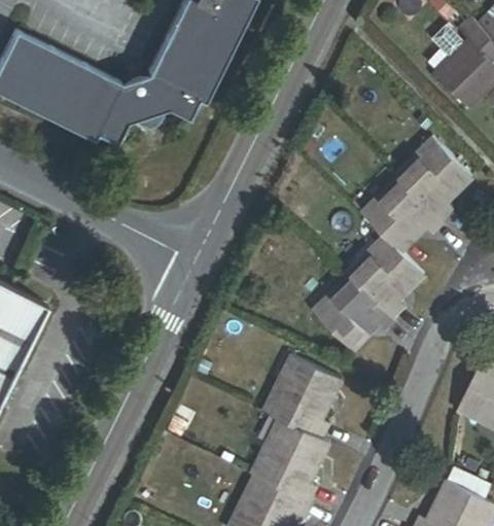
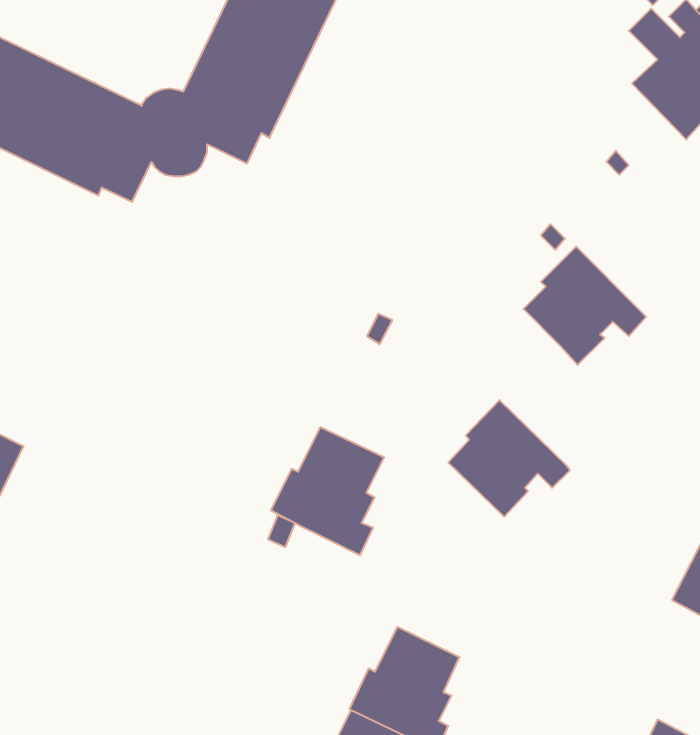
building: [396,140,472,217] -> none
building: [348,239,423,316] -> none
building: [263,356,337,439] -> [271,427,384,555]

